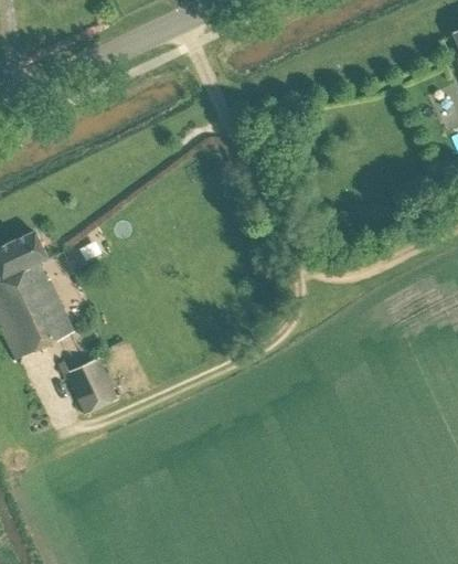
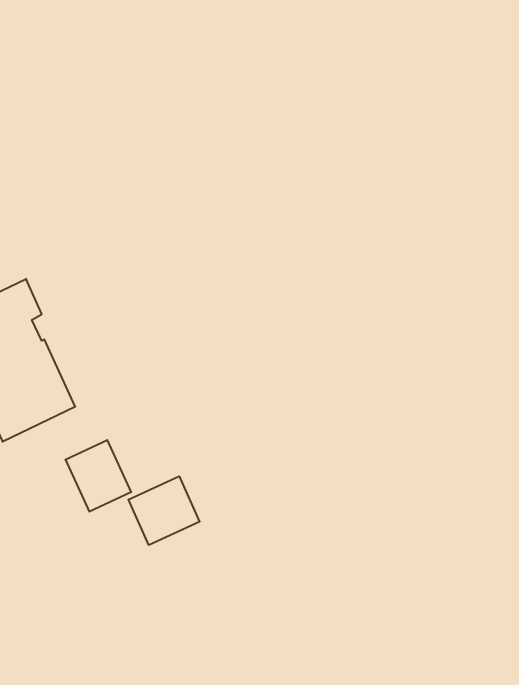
building: none -> [128,476,200,545]

